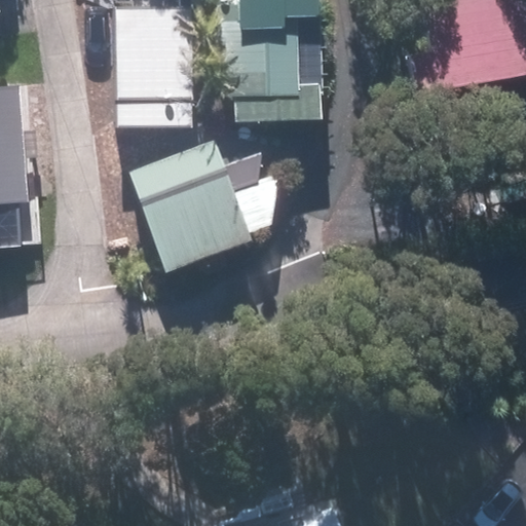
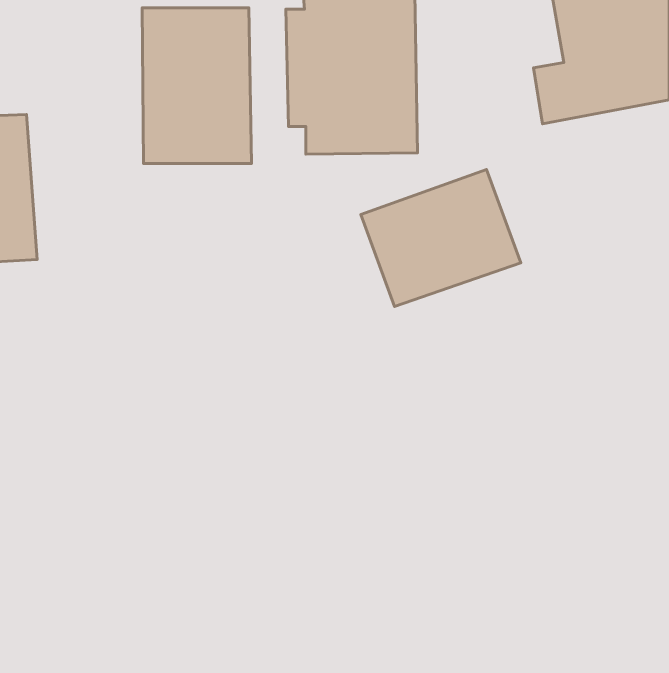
building: none -> [361,170,521,307]
building: [129,141,258,271] -> none

